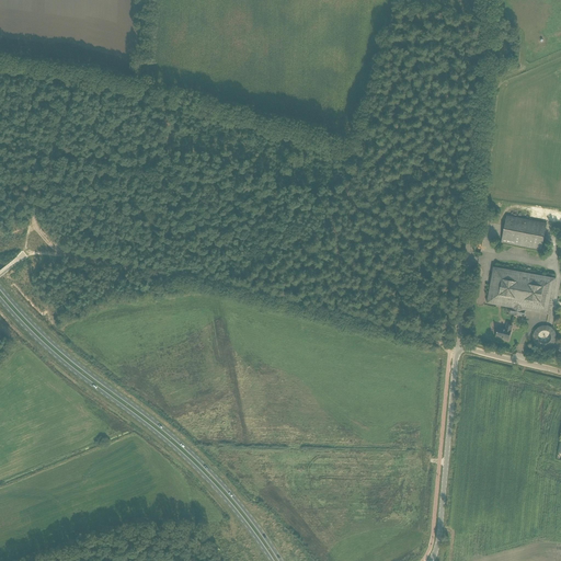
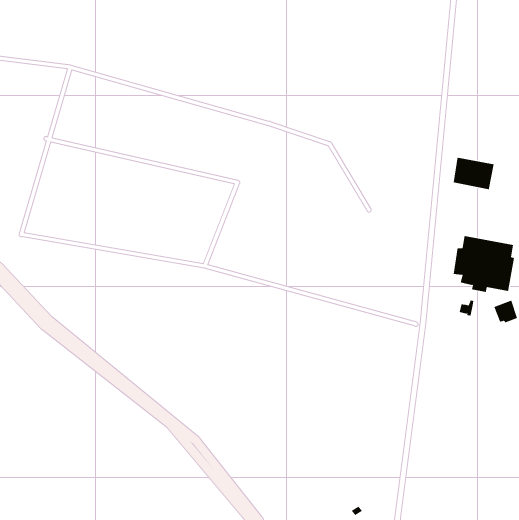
building: [500,215,545,250] -> [453,157,495,190]

